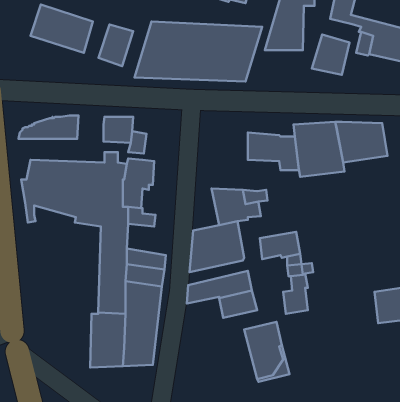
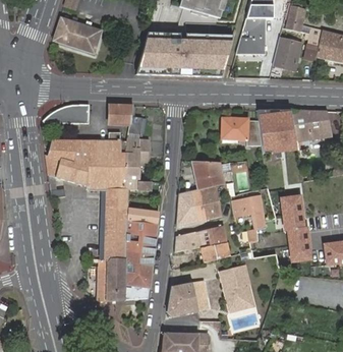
building: [98,24,133,66] -> none
building: none -> [279,192,310,260]
building: none -> [167,280,211,315]

